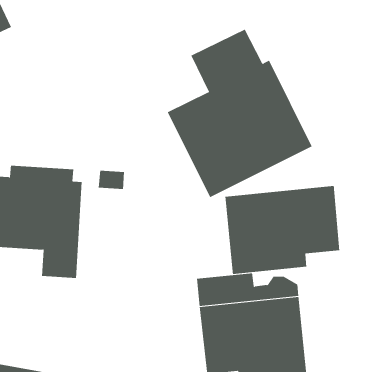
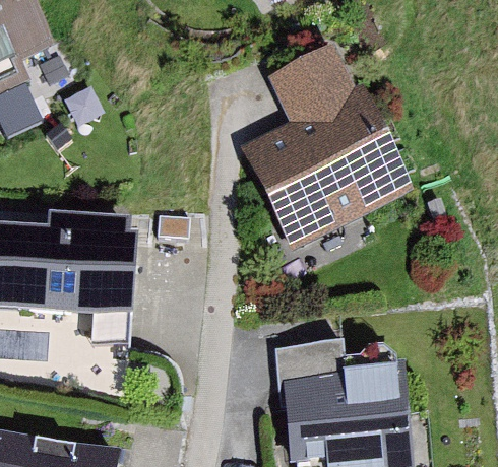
building: [225,185,340,275] -> none

